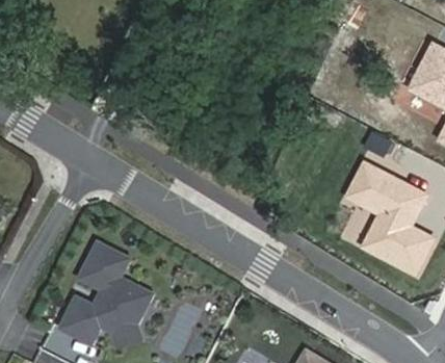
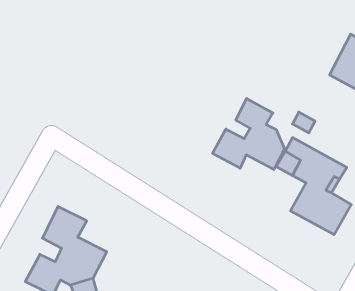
building: none -> [213,98,284,170]

